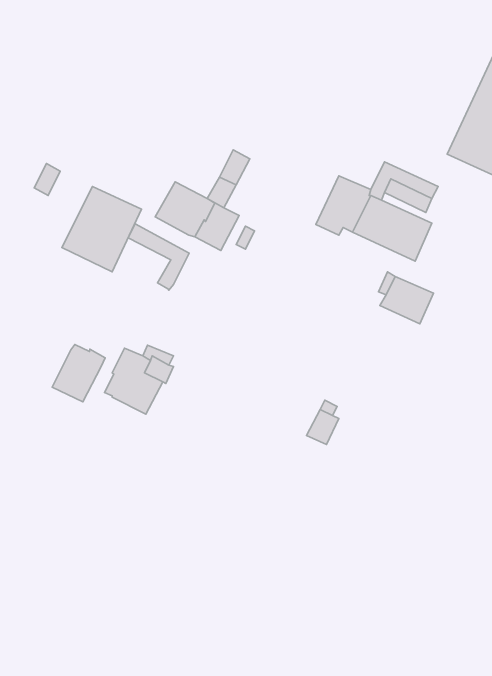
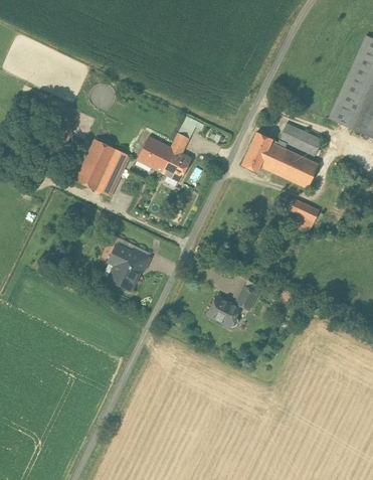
building: [128,224,189,290] -> none
building: [52,344,105,402] -> none
building: none -> [208,296,239,326]

